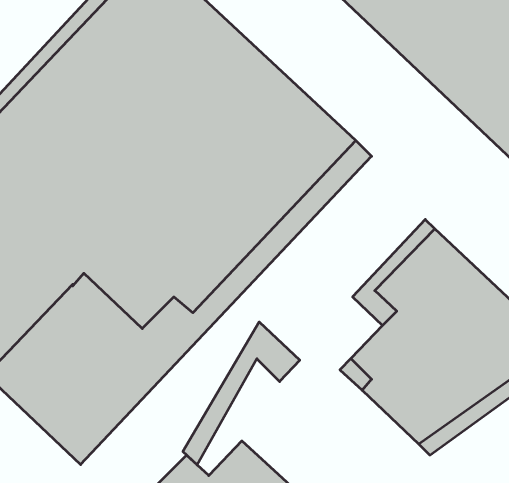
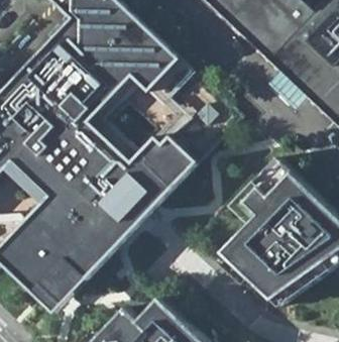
building: [183,322,300,465] -> none

